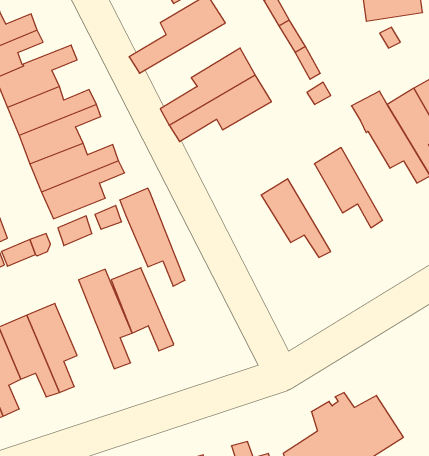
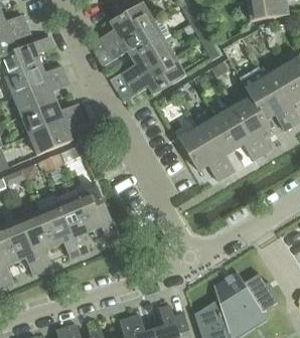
building: none -> [97,18,170,66]
building: none -> [234,95,272,155]
building: none -> [197,117,236,176]
building: [120,188,185,286] -> [35,193,80,260]

